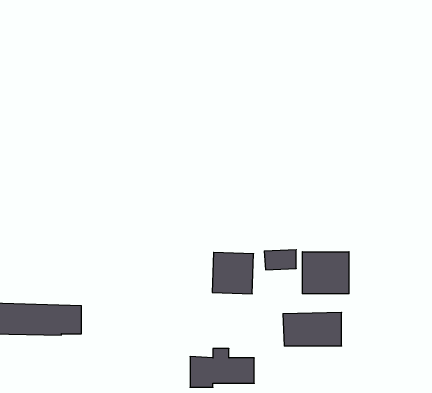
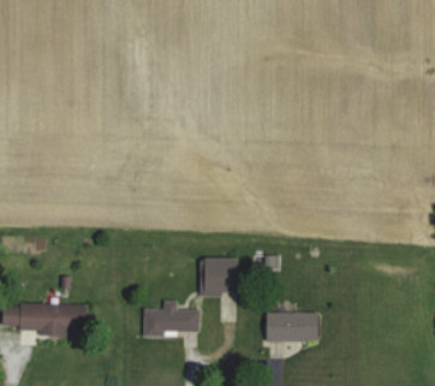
building: [302,252,349,294] -> none
building: [190,349,254,387] -> [142,301,199,335]

